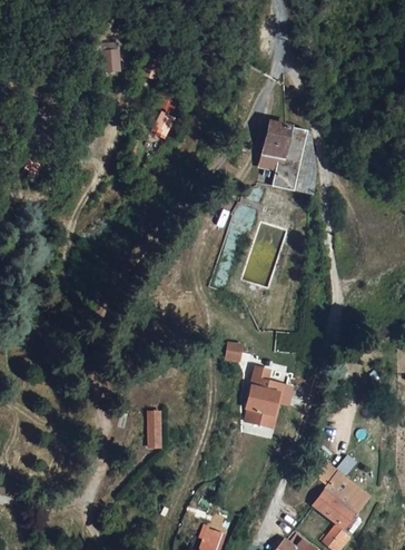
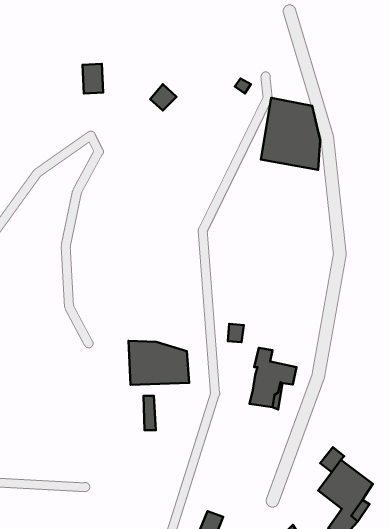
building: [100,46,120,75] -> [83,64,103,94]
building: none -> [128,341,189,385]

